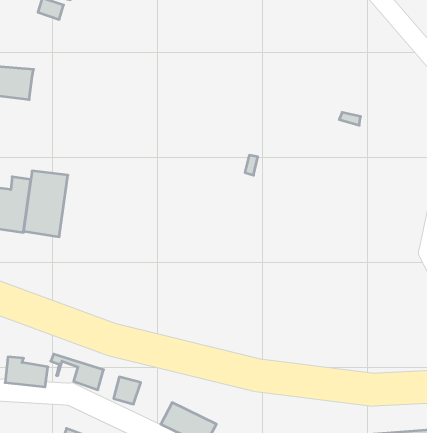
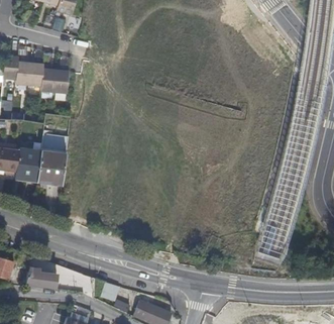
building: none -> [41,70,71,94]

